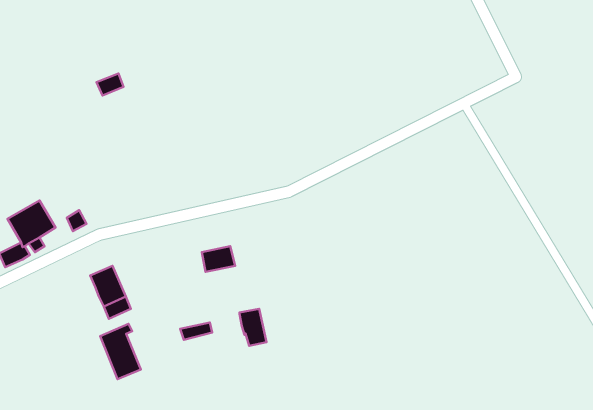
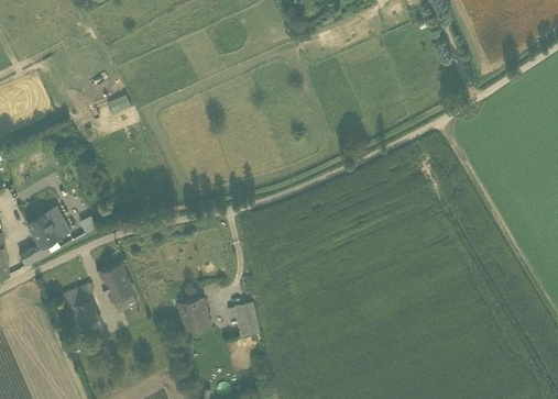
building: [202,246,235,272] -> [177,297,207,320]
building: [100,324,141,379] -> [64,284,100,333]

